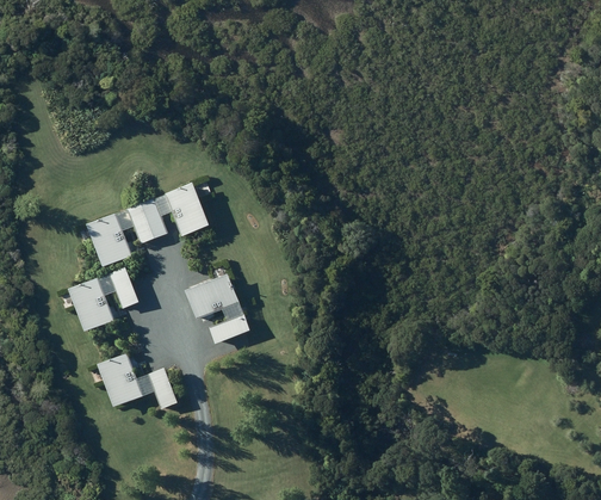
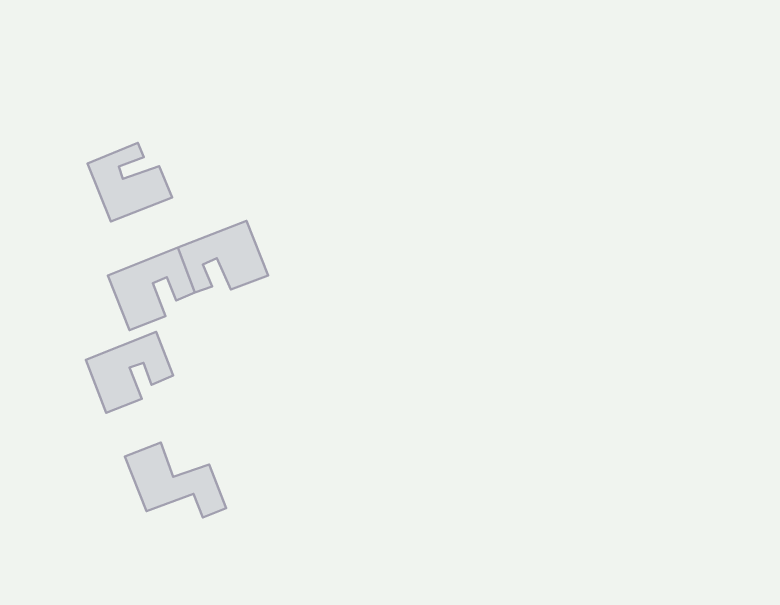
building: none -> [87,143,172,222]
building: [185,273,248,342] -> none

